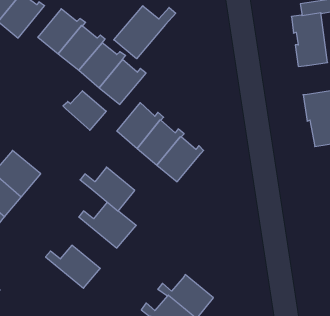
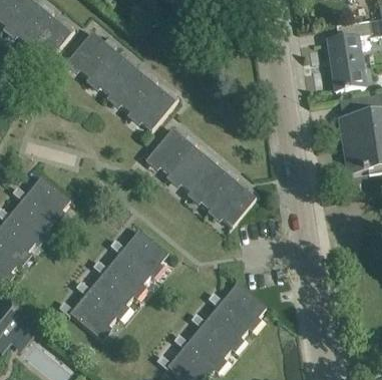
building: [114,6,176,59] -> none
building: [63,91,106,130] -> none
building: none -> [211,179,259,227]
building: [80,167,135,211] -> [92,253,148,298]
building: none -> [208,283,266,328]
building: none -> [58,294,114,337]

